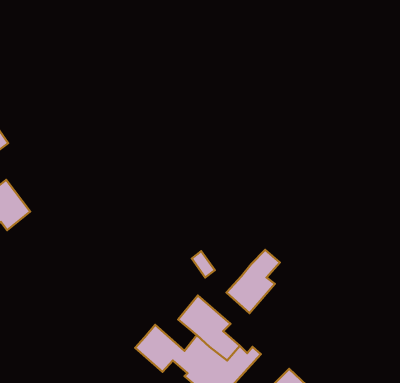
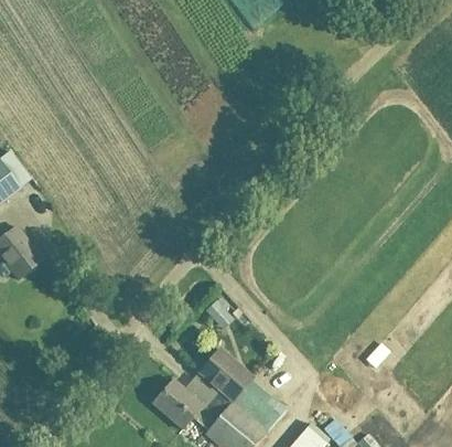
building: [227,250,280,313] -> none

